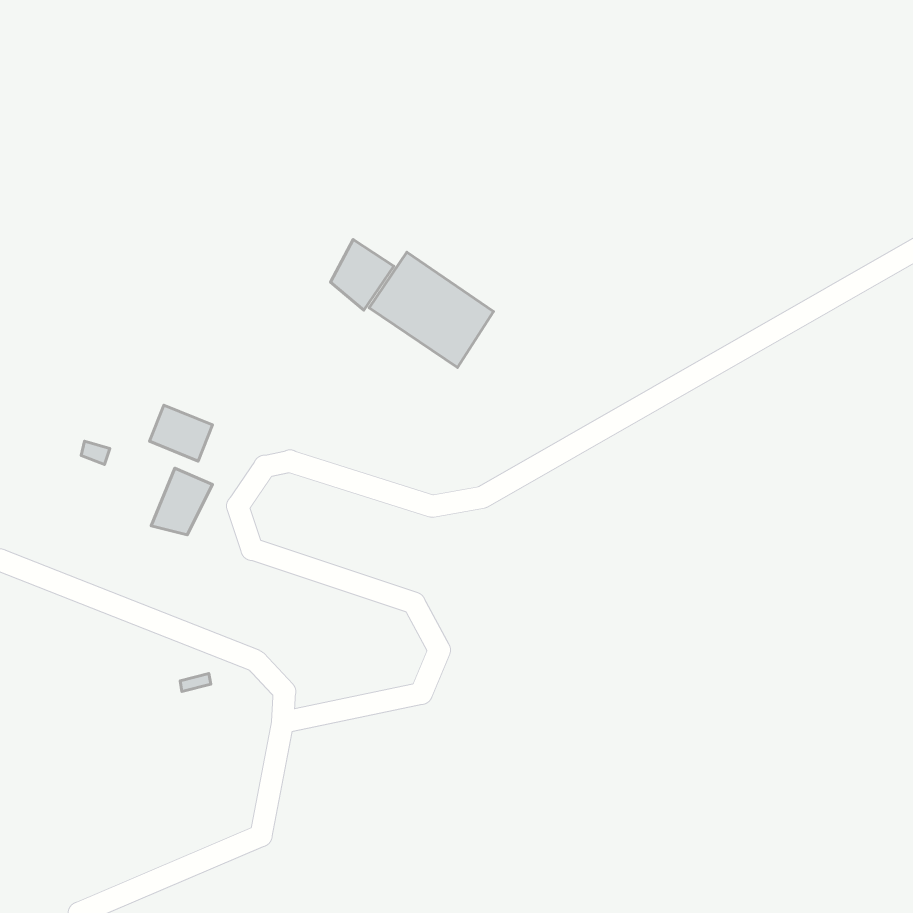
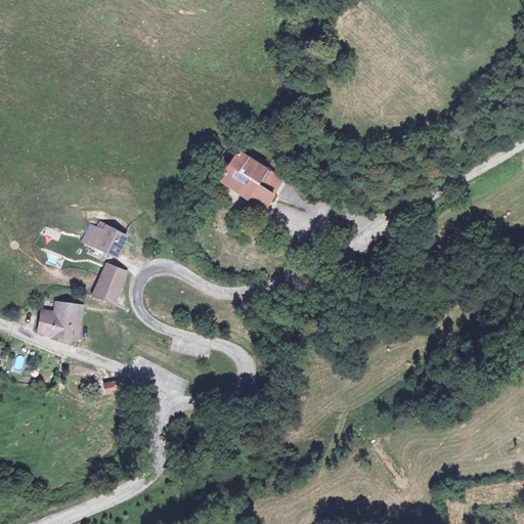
building: [330,239,394,310] -> none
building: none -> [40,299,85,340]

